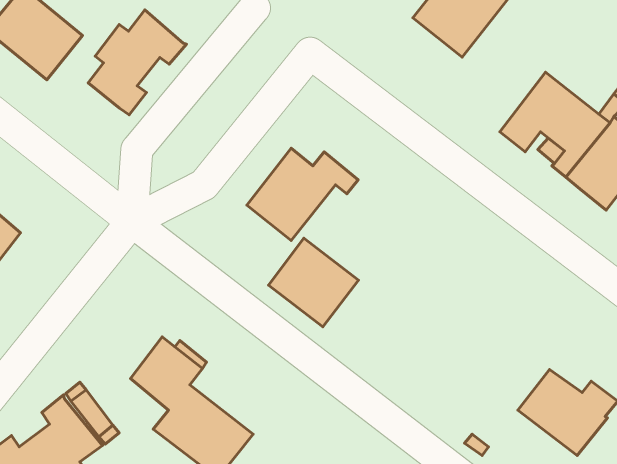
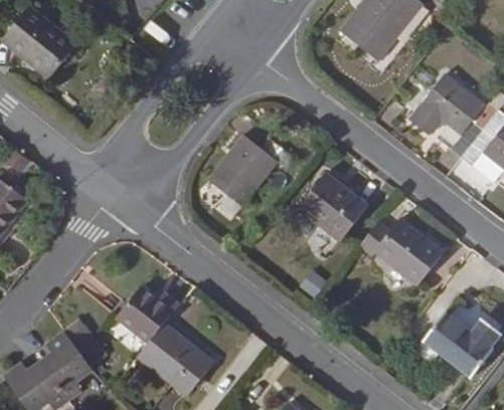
building: [88,10,187,115] -> none
building: [269,238,358,327] -> [298,171,369,241]
building: none -> [363,217,446,286]

